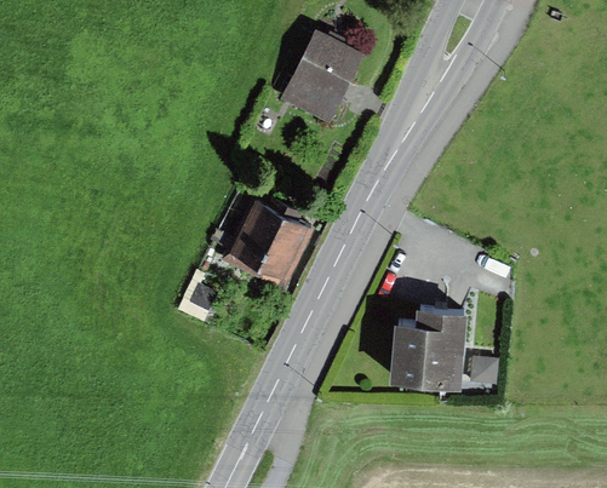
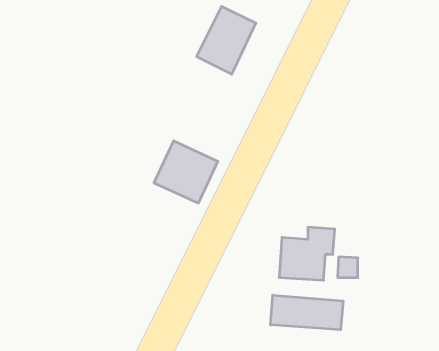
building: none -> [271,295,343,330]

